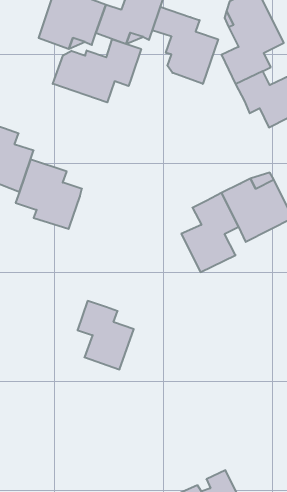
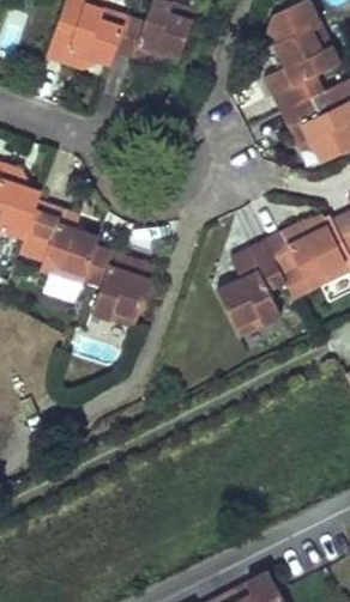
building: [153,7,218,84] -> none
building: [53,39,141,102] -> none
building: [77,301,134,369] -> [84,244,151,326]

